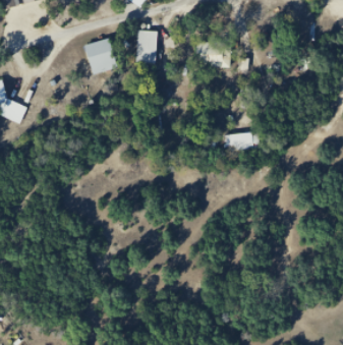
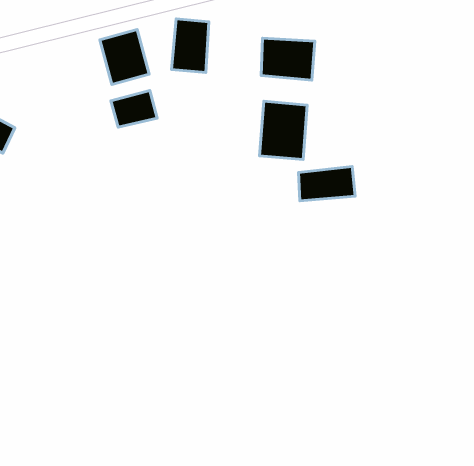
building: none -> [111,91,157,127]
building: none -> [259,101,307,160]

